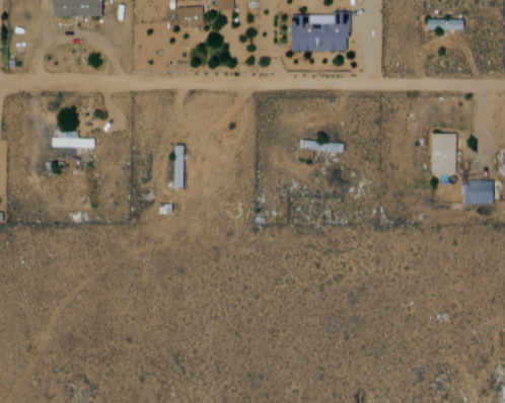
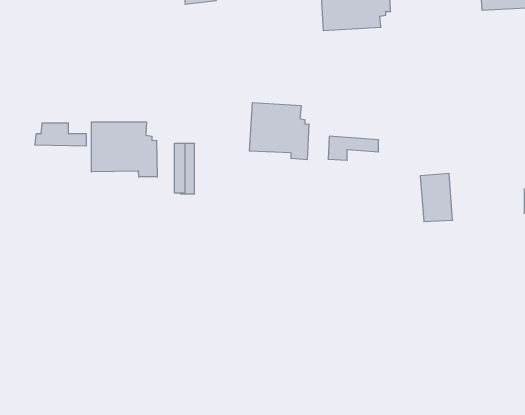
building: none -> [249,103,309,160]
building: none -> [91,122,157,177]
building: [431,133,458,173] -> [420,173,453,221]

